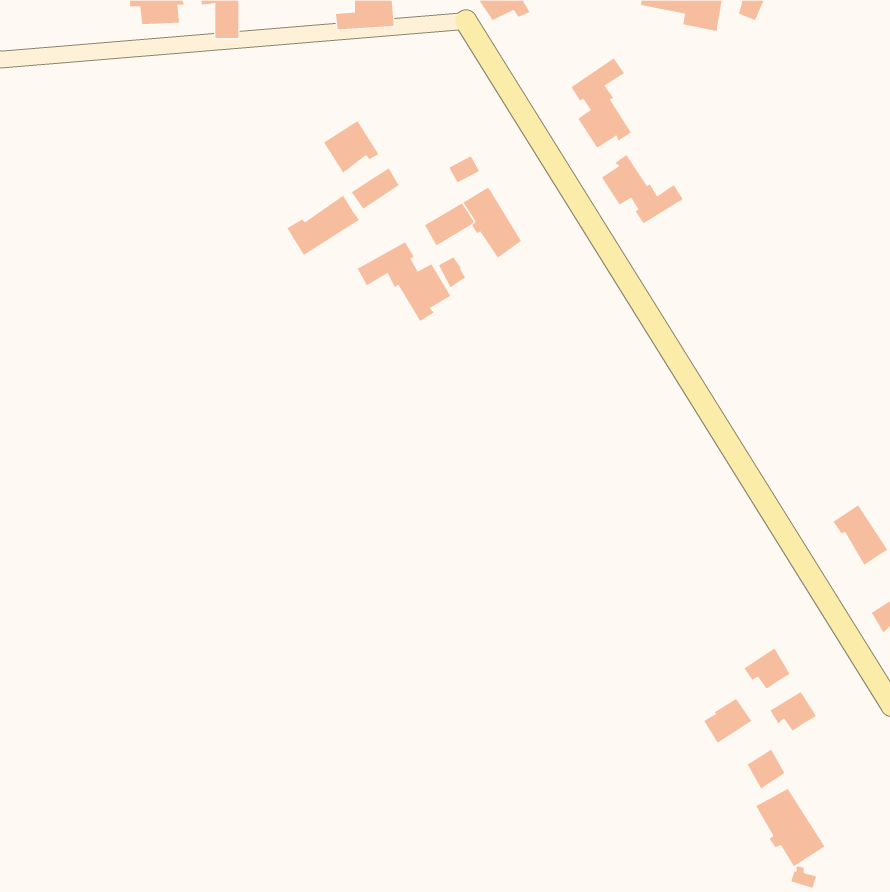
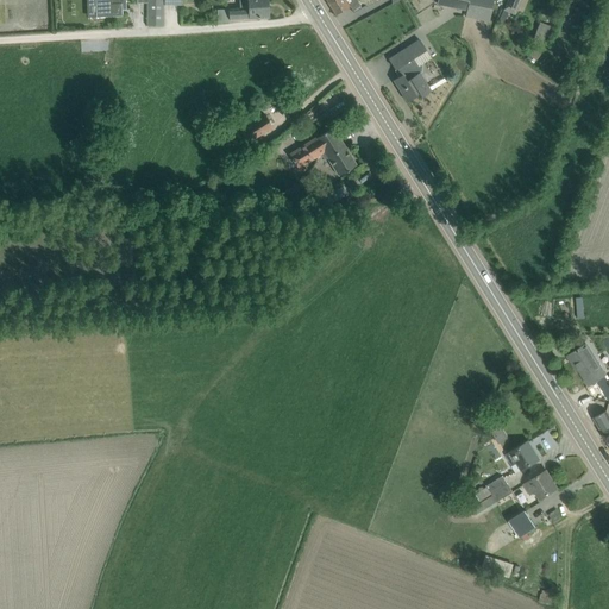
building: [323,120,379,174] -> none
building: [601,154,684,224] -> none
building: [286,195,360,256] -> none
building: [357,241,451,322] -> none
building: [756,788,825,867] -> none

